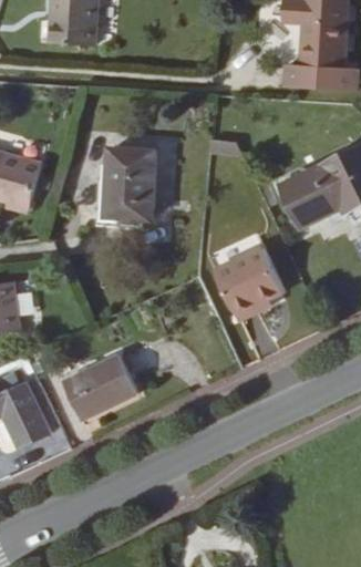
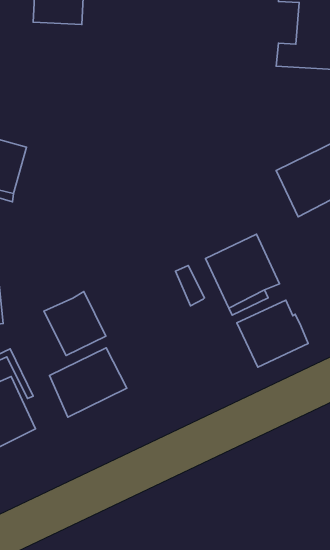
building: [104,146,156,218] -> none
building: none -> [44,292,106,356]
building: none -> [237,300,308,367]

